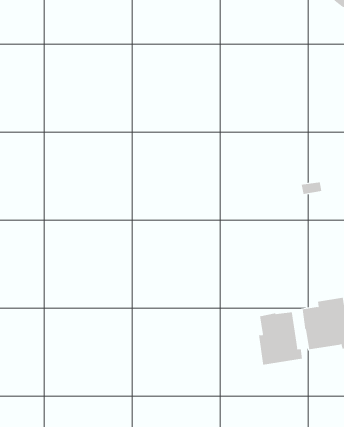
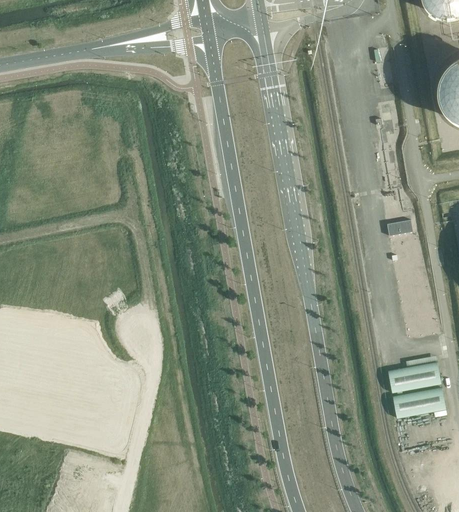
building: [258,311,303,365] -> none

